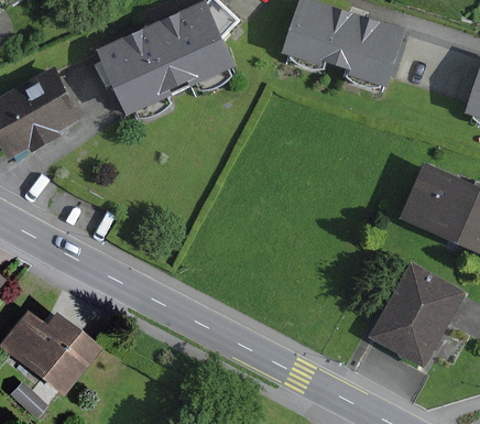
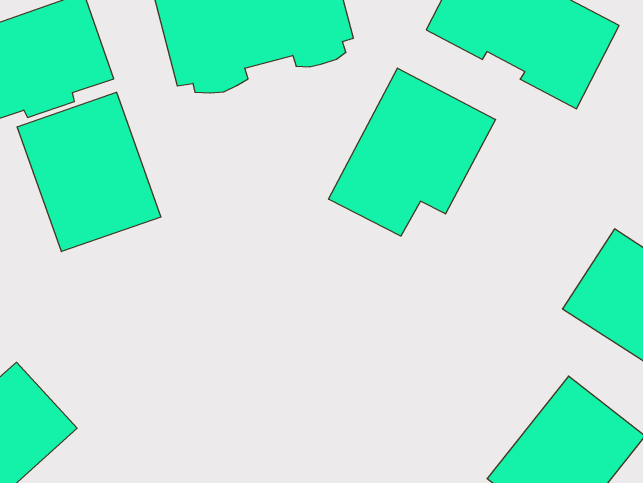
building: none -> [329,68,496,236]
building: none -> [17,92,161,252]

